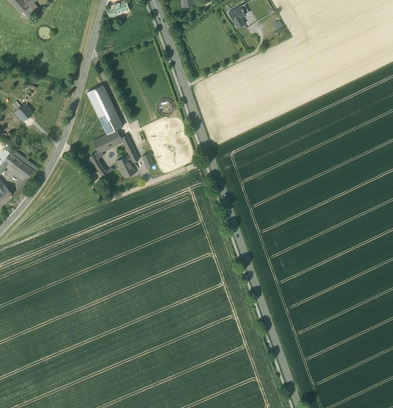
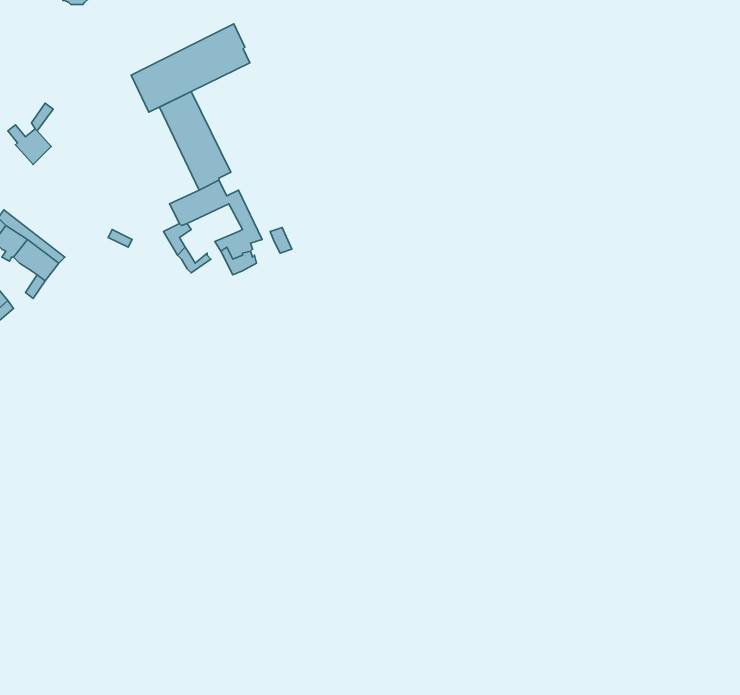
building: none -> [131,24,250,112]

